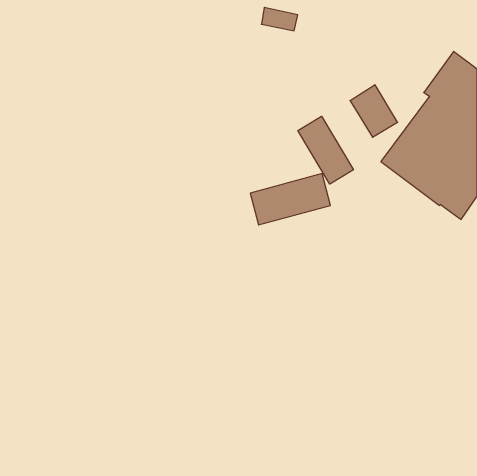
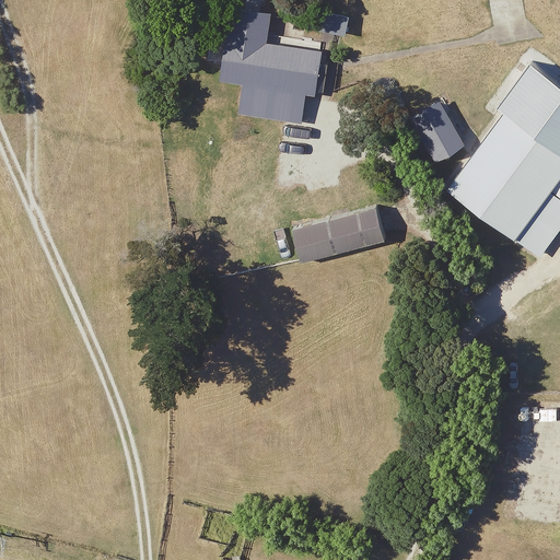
building: none -> [221,9,324,125]
building: [298,116,353,184] -> none

